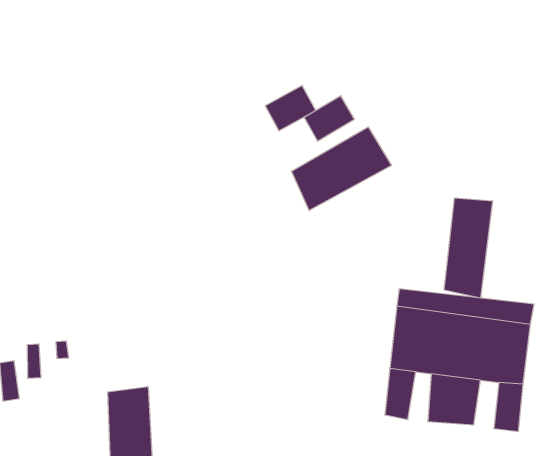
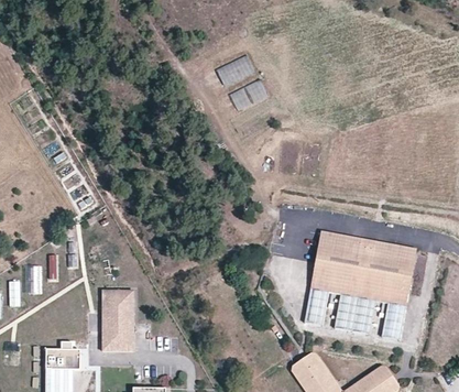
building: [304,96,354,141] -> [217,53,253,85]
building: [291,127,391,211] -> none
building: [444,198,492,298] -> none

